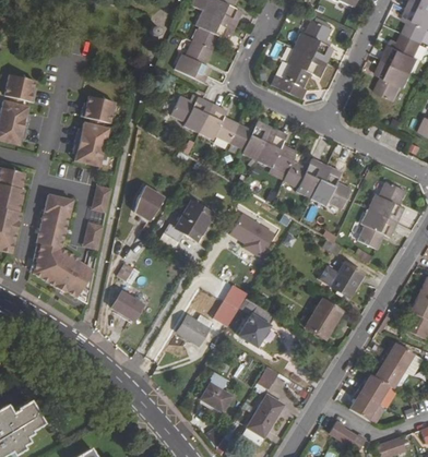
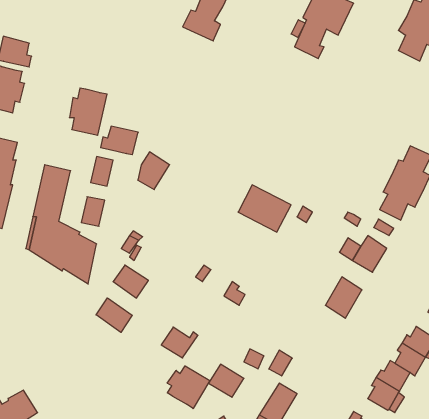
building: [171,94,352,205] -> none
building: [78,98,112,124] -> [101,126,138,155]
building: [166,200,213,240] -> none
building: [239,296,274,345] -> none
building: [177,316,211,345] -> [161,327,198,358]
building: none -> [96,298,132,332]
building: none -> [167,366,210,409]

